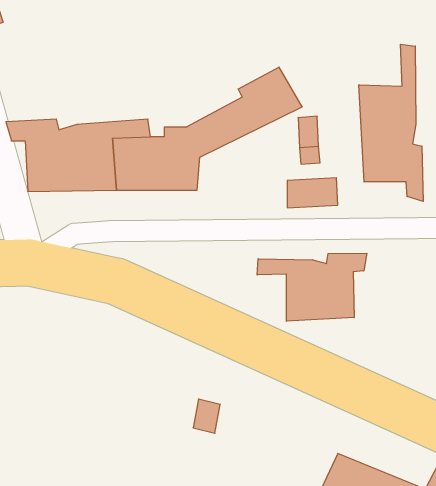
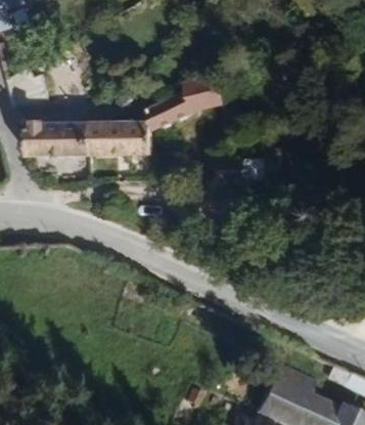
building: [359,44,423,201] -> none
building: [257,253,367,321] -> none

